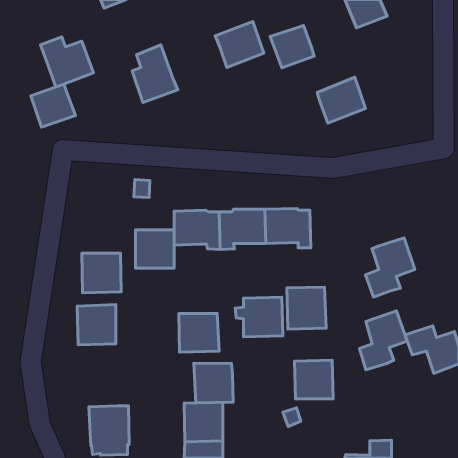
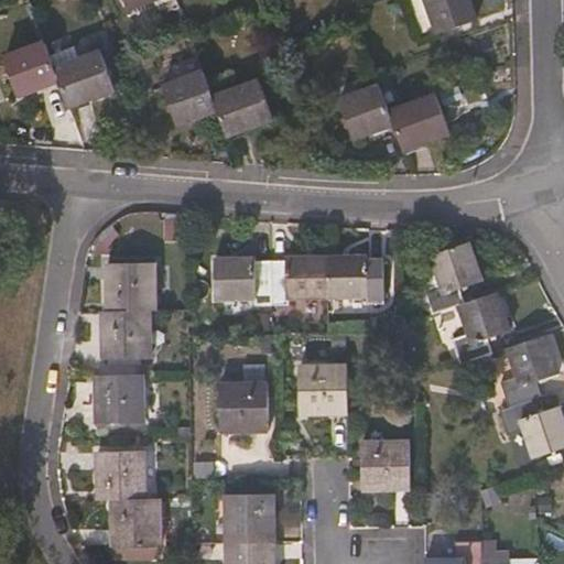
building: [215,22,264,67] -> [214,79,273,135]
building: [270,26,314,68] -> [339,87,393,139]
building: [31,84,76,127] -> [6,43,61,96]
building: none -> [420,242,481,313]
building: [136,230,174,268] -> [107,263,154,311]
building: [287,287,326,329] -> none
building: [360,311,407,370] -> [500,335,558,408]
building: [194,363,233,403] -> none
building: none -> [97,451,145,500]

